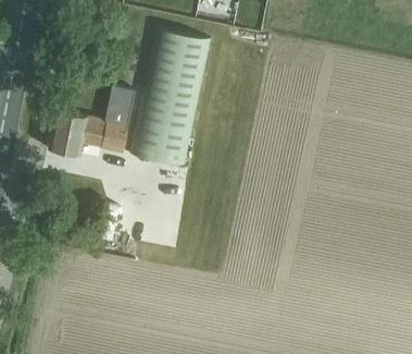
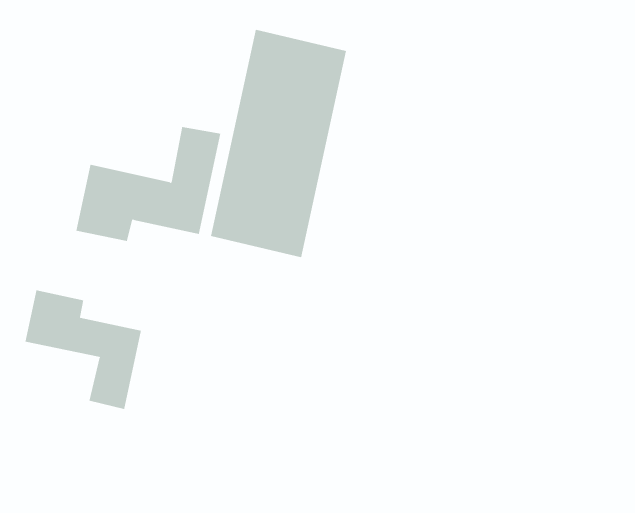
building: none -> [25,289,142,410]

